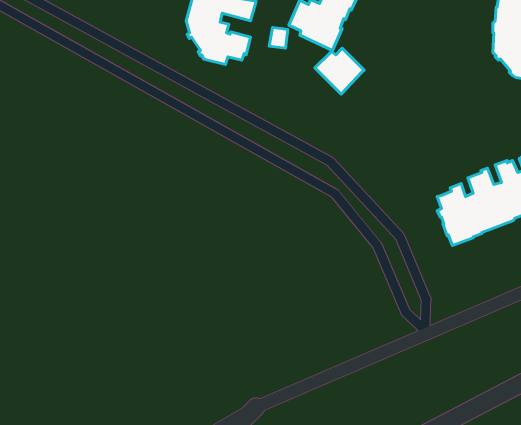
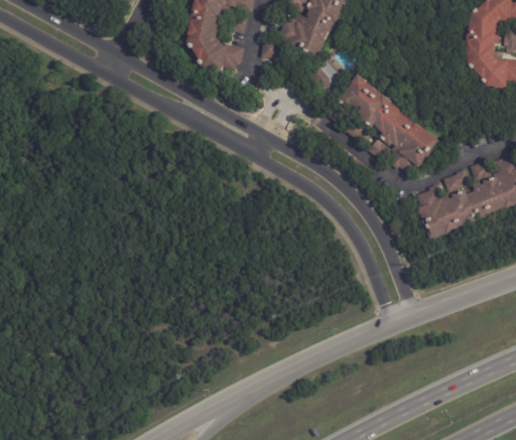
building: none -> [327,72,438,174]

